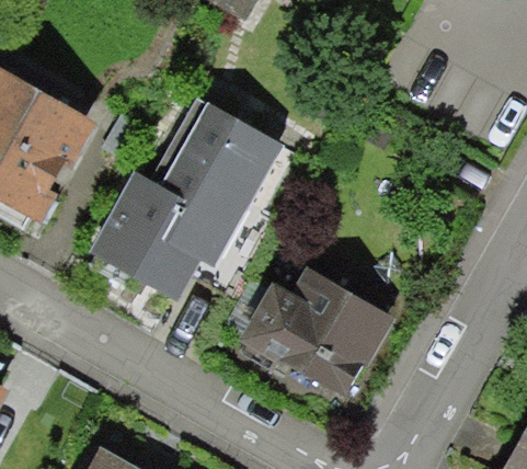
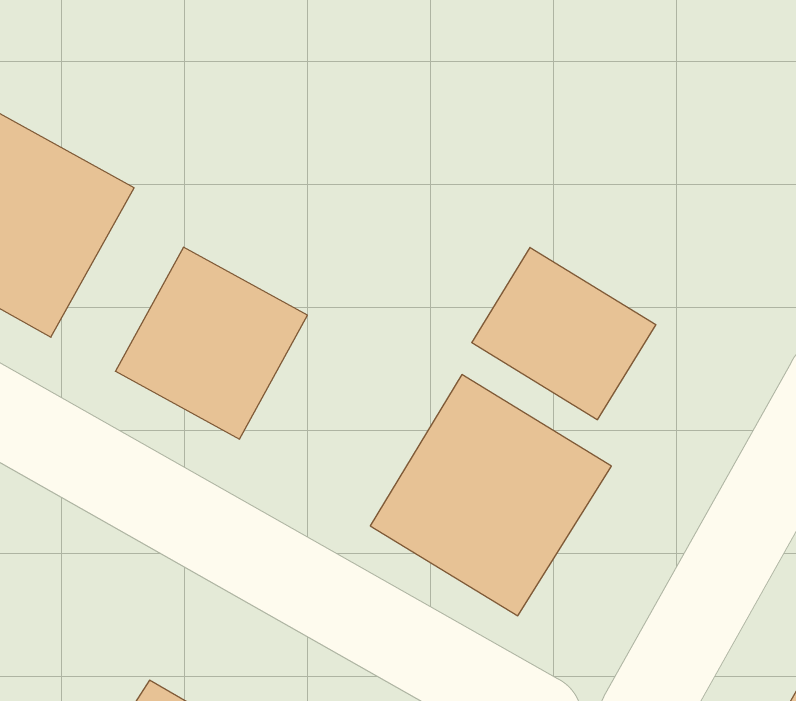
building: [144,84,273,220] -> none
building: none -> [472,247,656,420]

